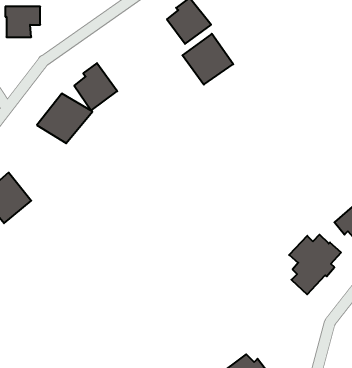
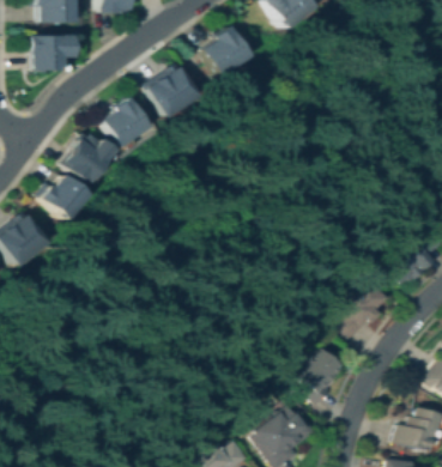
building: [182,34,233,85] -> [152,67,206,121]
building: none -> [44,177,93,222]
building: none -> [297,347,345,404]

